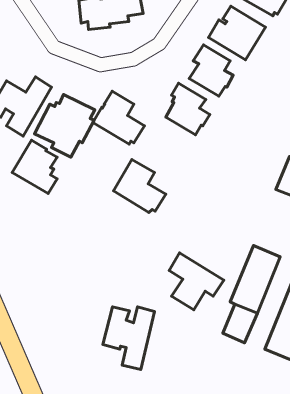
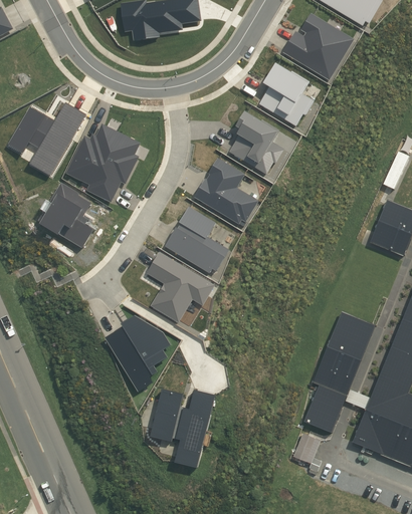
building: [93,91,144,144] -> [194,158,258,224]
building: none -> [105,314,172,392]
building: [169,253,224,310] -> [147,251,215,322]

